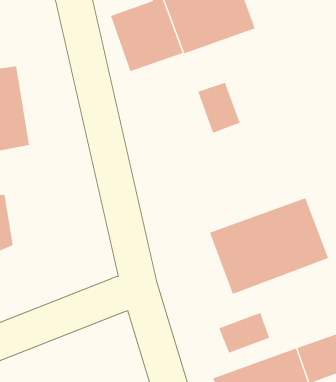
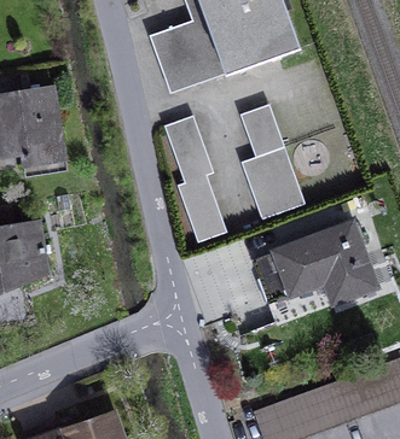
building: none -> [163,115,226,241]
building: none -> [248,146,305,216]
building: [218,312,270,353] -> none

